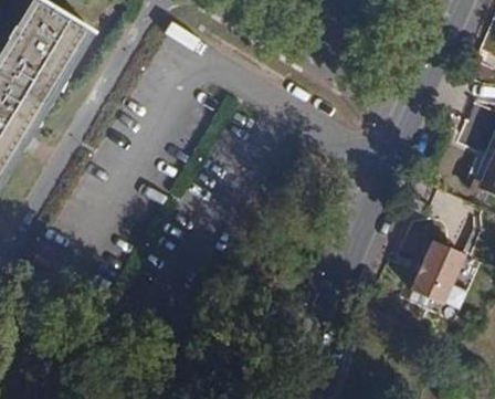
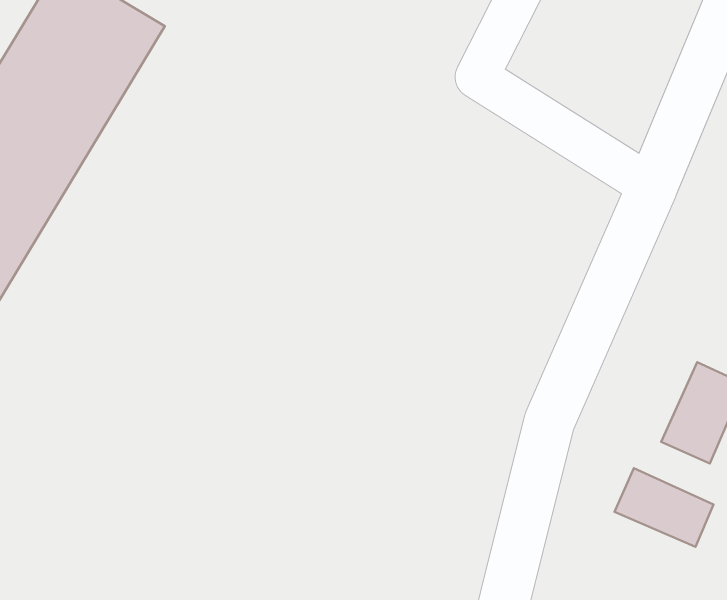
building: none -> [615,468,714,547]

